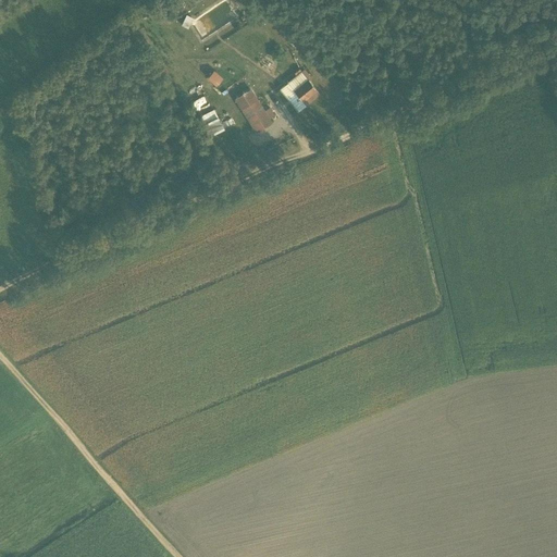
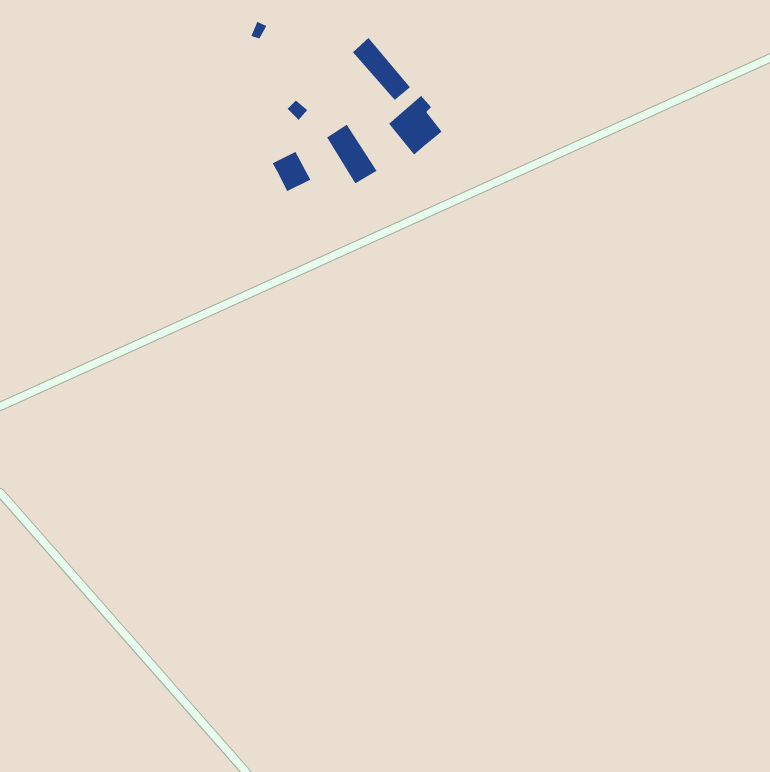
building: none -> [352,37,411,101]

